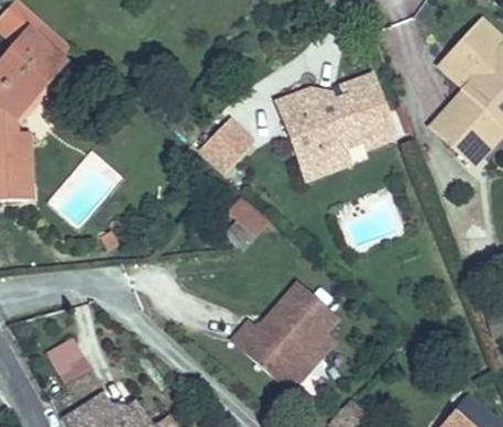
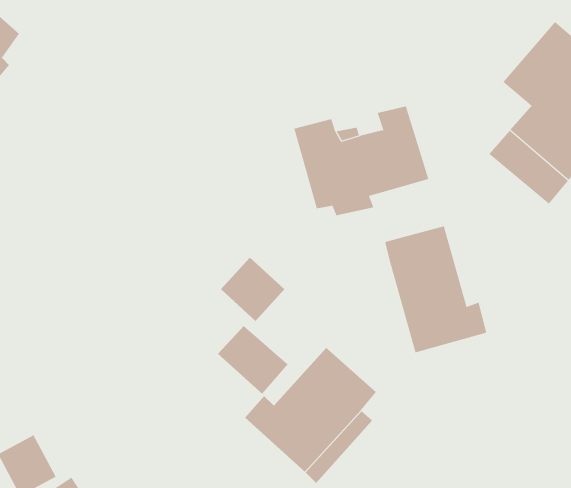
building: [197,123,248,174] -> none
building: none -> [385,225,487,353]
building: none -> [217,325,289,394]

